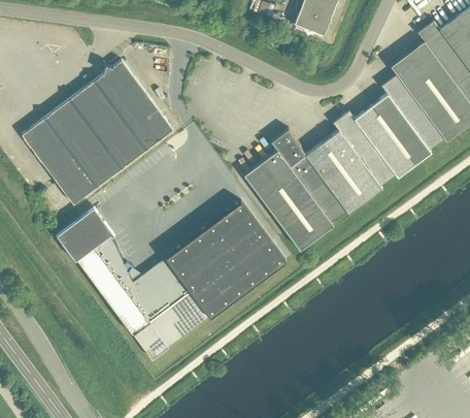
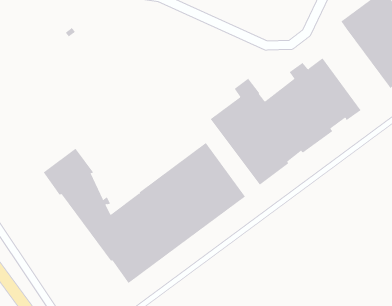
building: [22,61,173,204] -> none
building: [371,74,444,165] -> none

